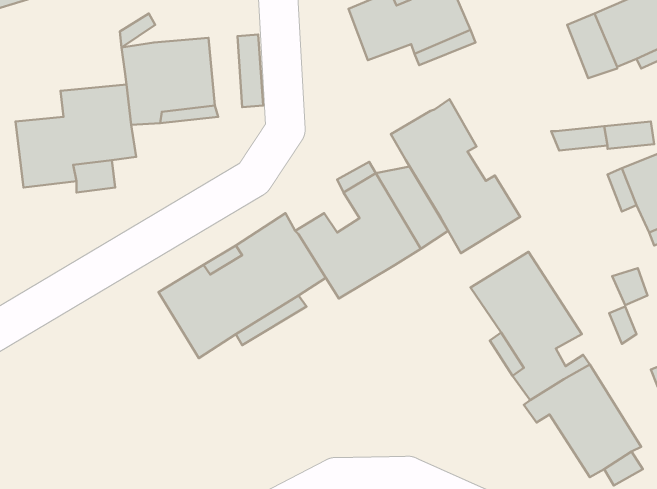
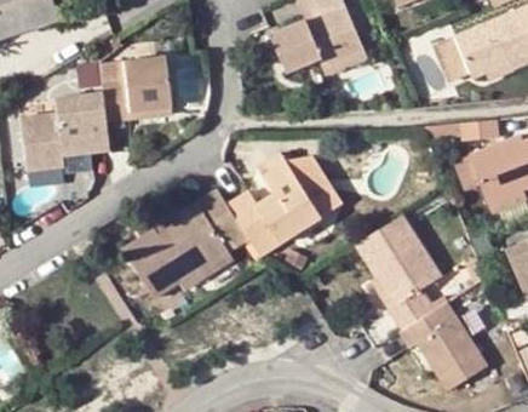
building: [391,99,520,253] -> none

